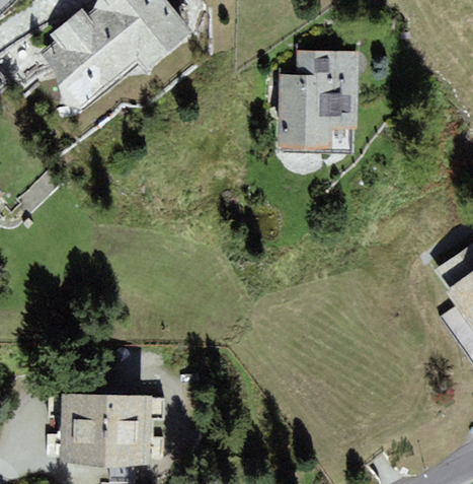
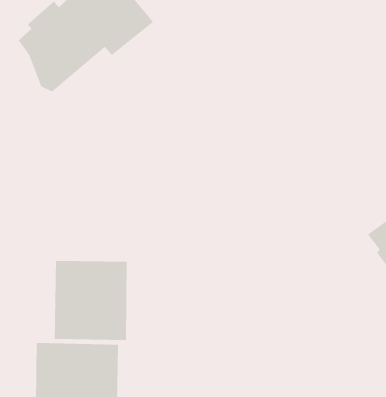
building: [278,51,358,151] -> none
building: none -> [54,260,127,341]

